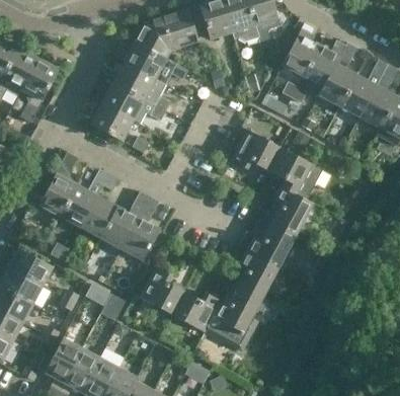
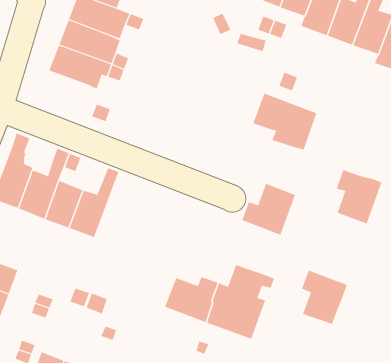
building: [90,102,134,141] -> none
building: [231,129,279,170] -> none
building: [270,186,312,235] -> [336,170,382,224]
building: [121,195,159,260] -> none
building: [236,250,277,299] -> [301,270,348,324]
building: [139,265,184,314] -> none

